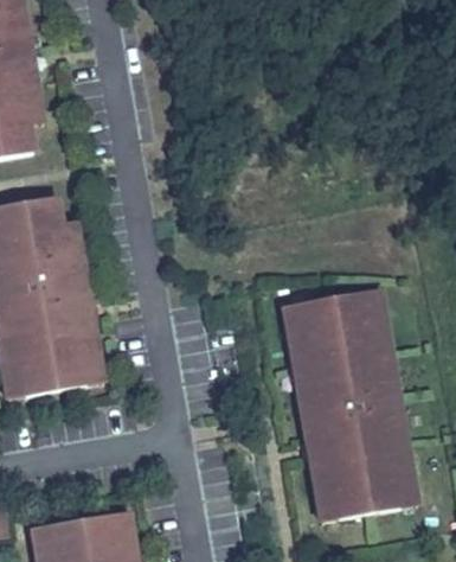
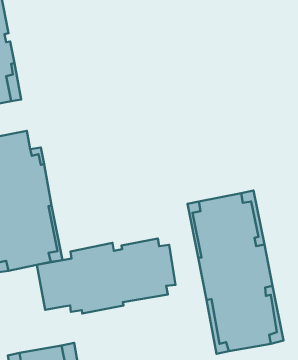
building: none -> [37,238,176,313]

